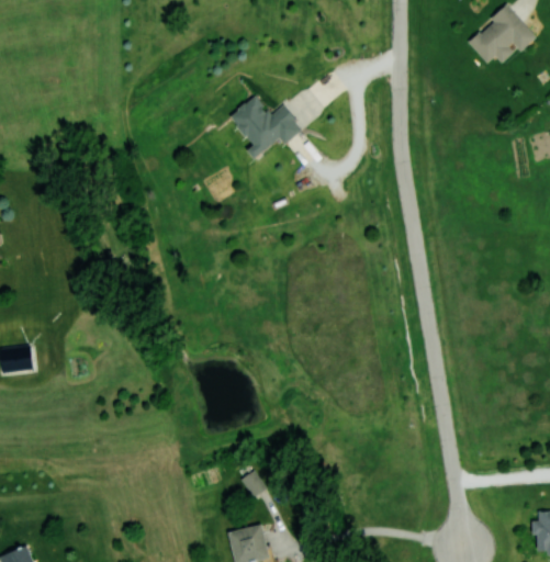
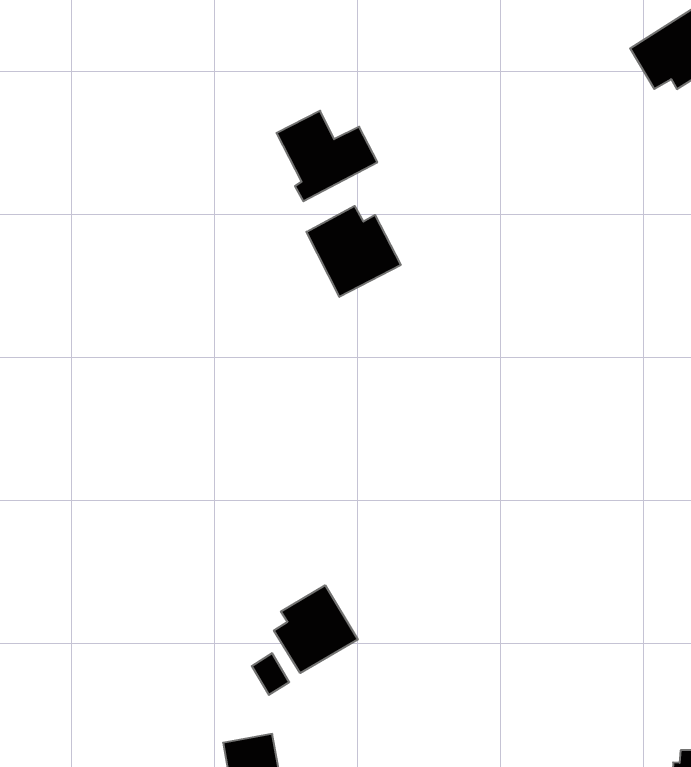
building: none -> [306,206,401,297]
building: none -> [274,585,358,673]

